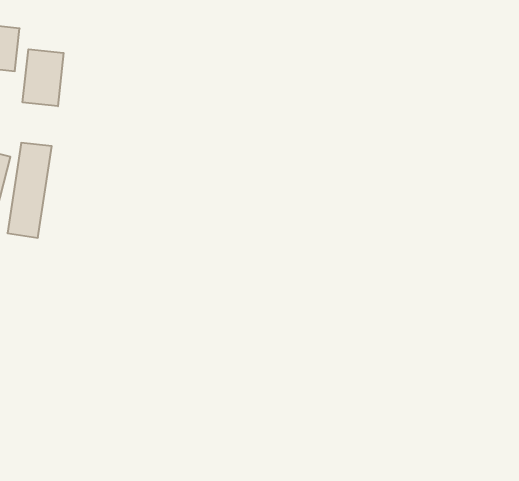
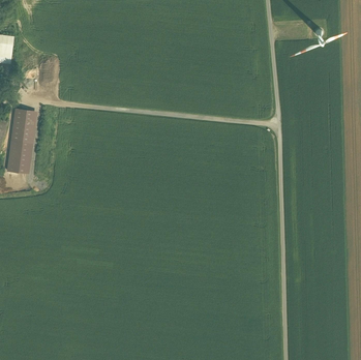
building: [23,49,64,106] -> none

